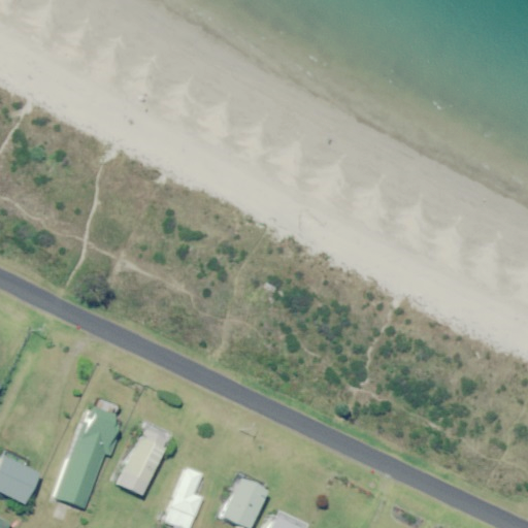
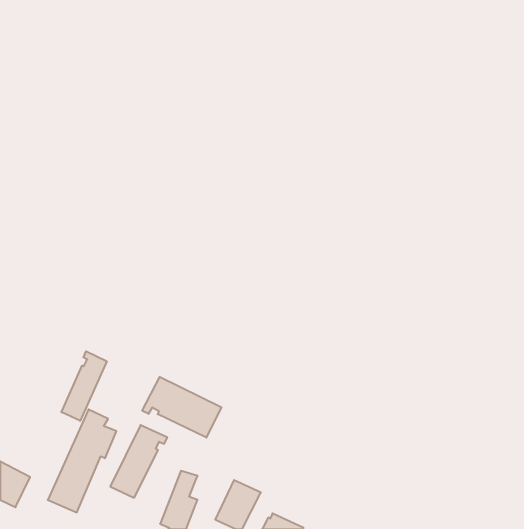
building: none -> [61,351,107,421]
building: none -> [142,377,221,438]

